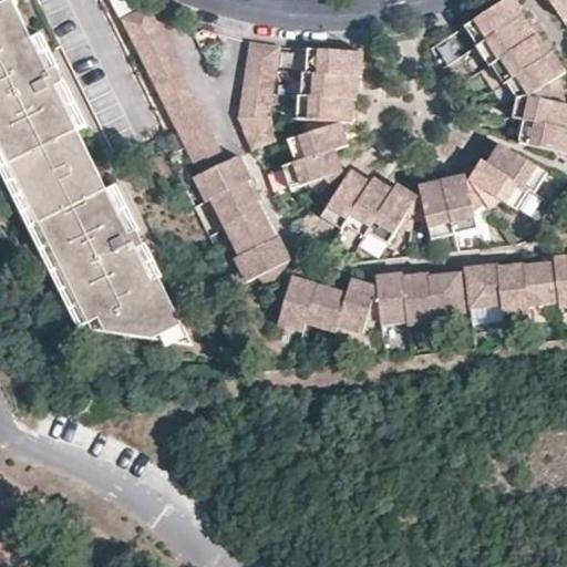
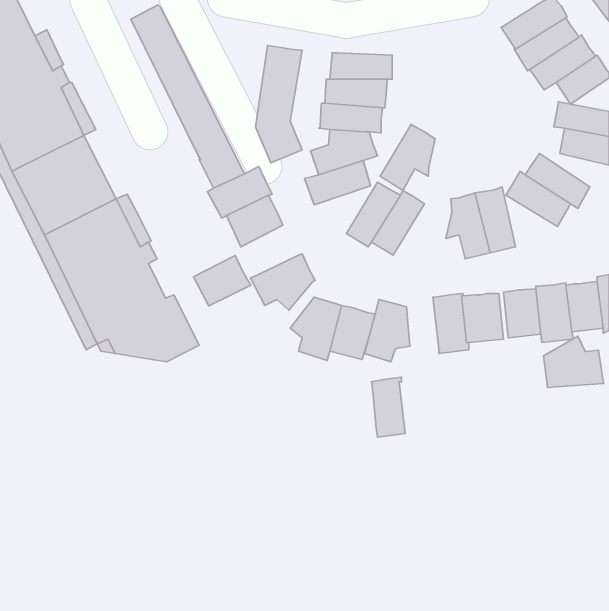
building: [367,183,417,244] -> [380,125,435,191]
building: [223,208,276,255] -> [193,255,251,306]
building: [374,270,405,326] -> [372,377,405,437]
building: none -> [544,336,603,388]

